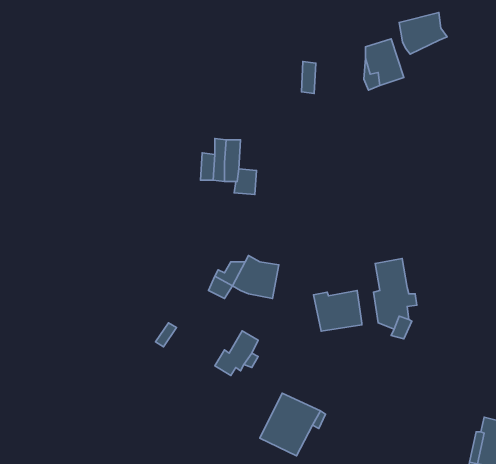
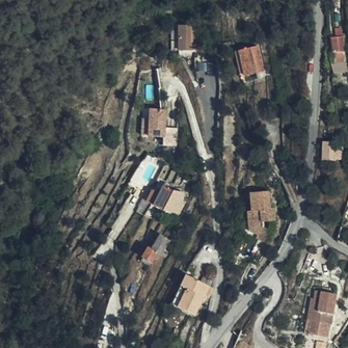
building: none -> [178,26,192,55]
building: [399,13,447,54] -> none
building: [314,290,362,331] -> none

